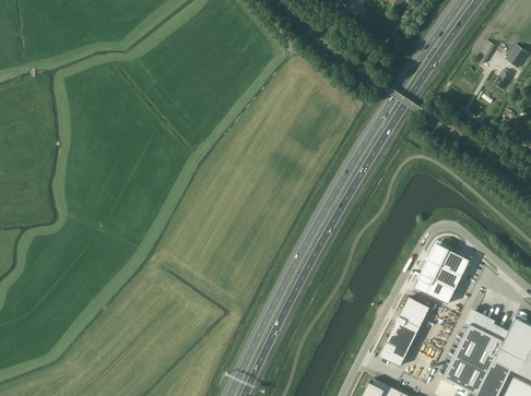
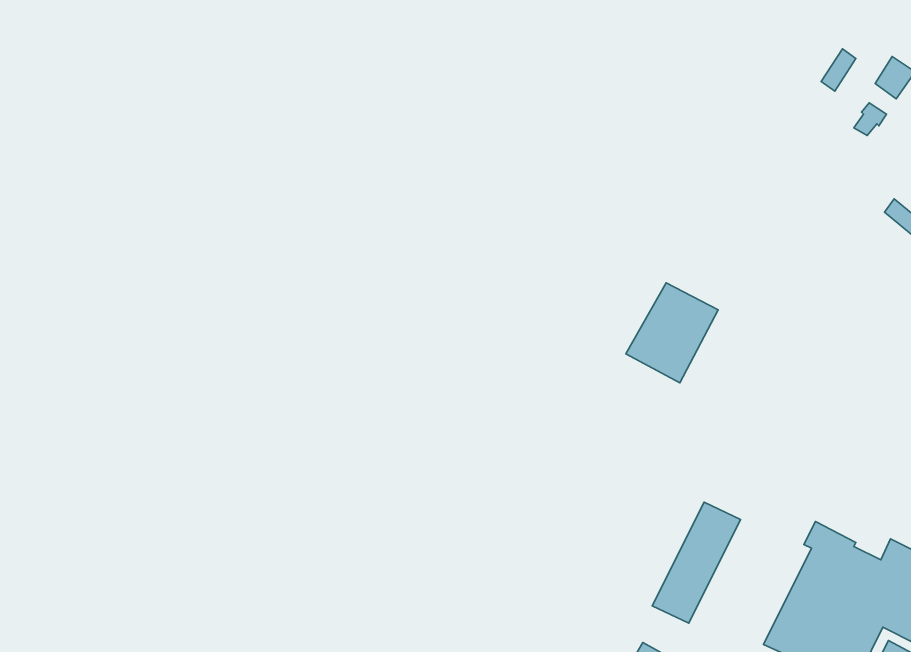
building: [412,250,464,307] -> [626,283,718,383]

